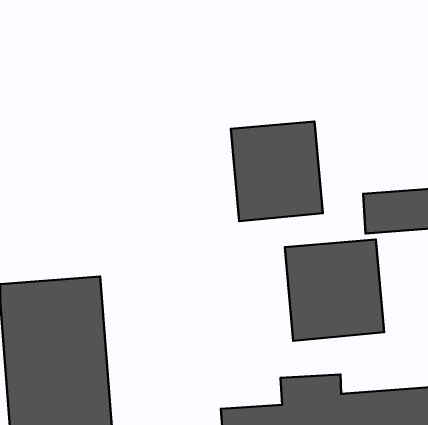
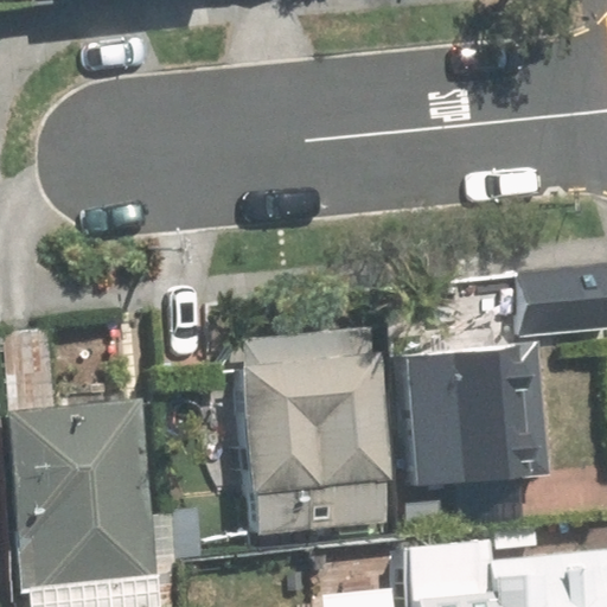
building: [231,122,323,221] -> none
building: none -> [236,327,396,539]

